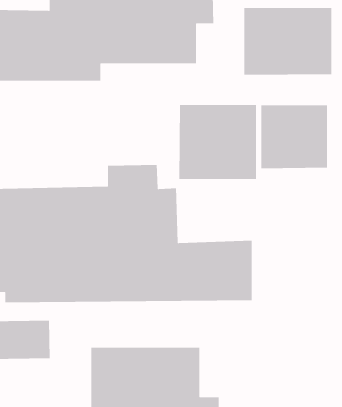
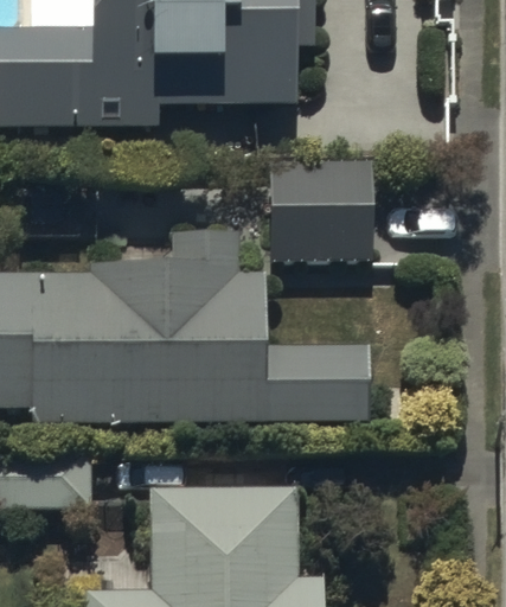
building: [244,7,332,76] -> none
building: [260,105,328,169] -> none

